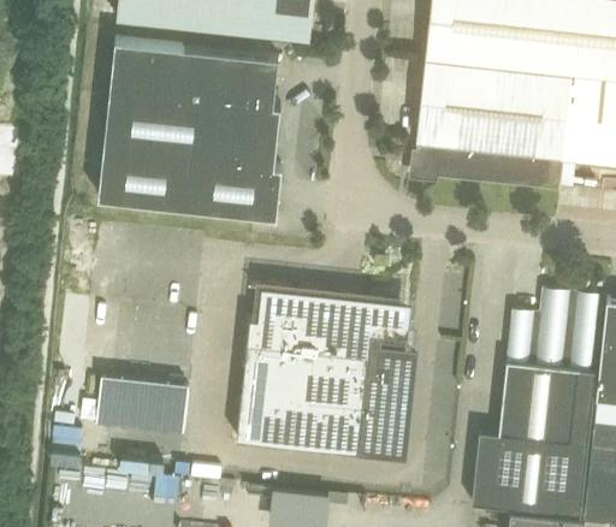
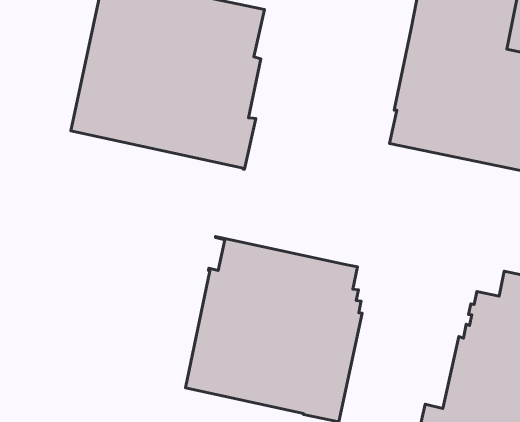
building: [96,377,189,436] -> none

